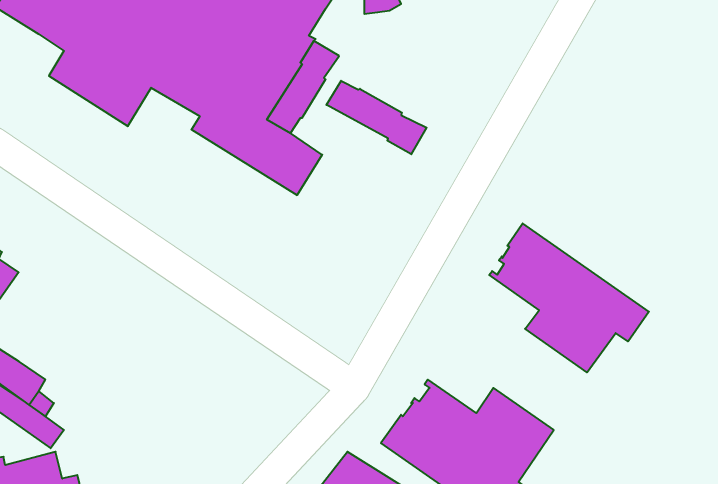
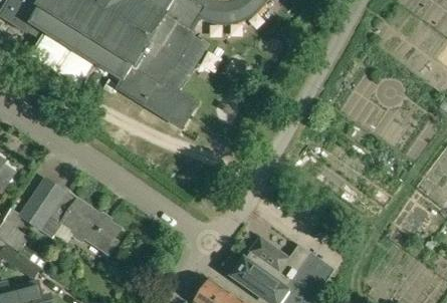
building: [326,81,427,154] -> none
building: [489,223,649,372] -> none
building: none -> [18,177,121,256]

